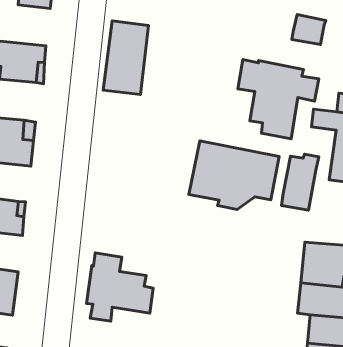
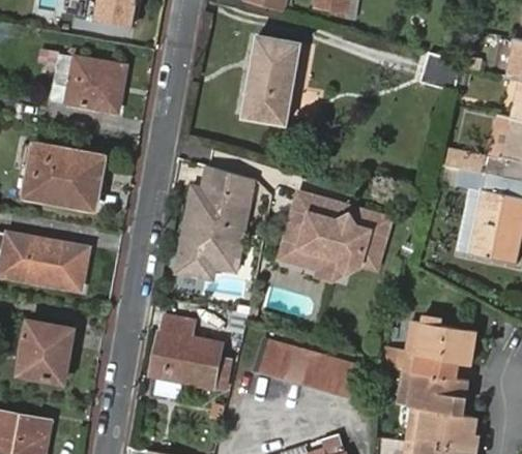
building: [103,21,149,94] -> [245,36,305,125]
building: [238,59,319,139] -> none
building: none -> [174,167,254,279]
building: [282,154,319,210] -> none
building: none -> [258,340,361,396]

